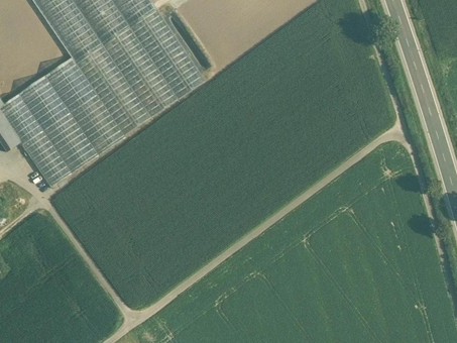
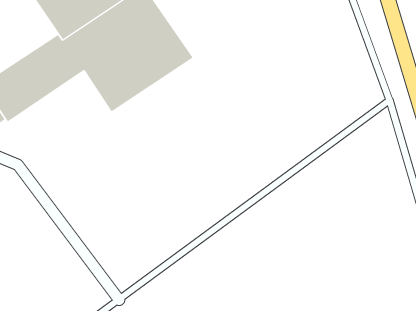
building: [21,93,126,187] -> none

